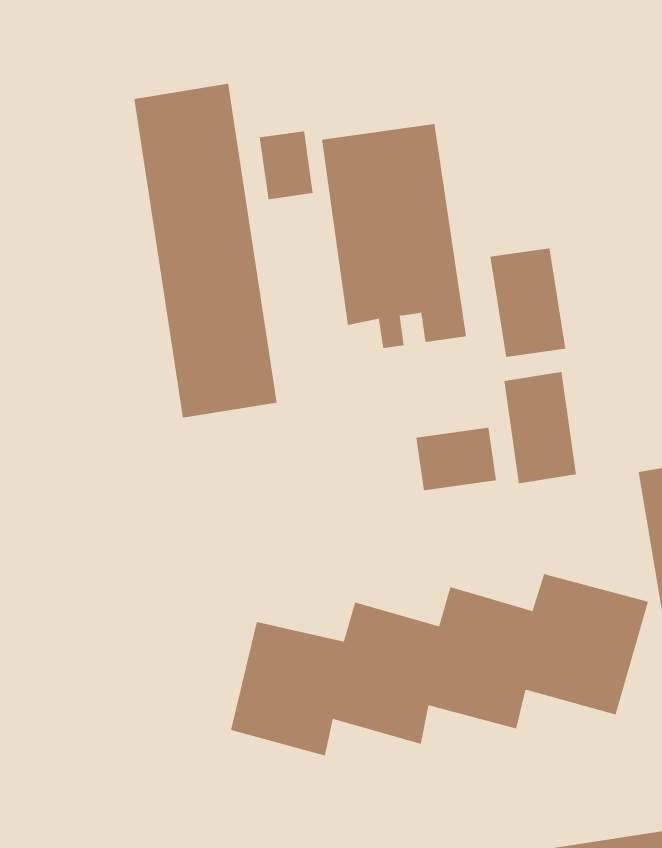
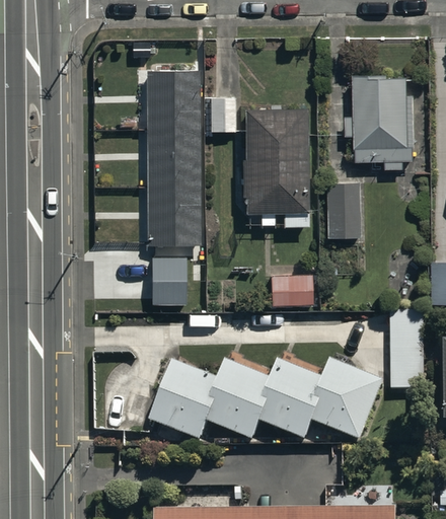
building: none -> [346,73,416,169]
building: [504,371,576,484] -> none
building: none -> [151,255,187,303]

